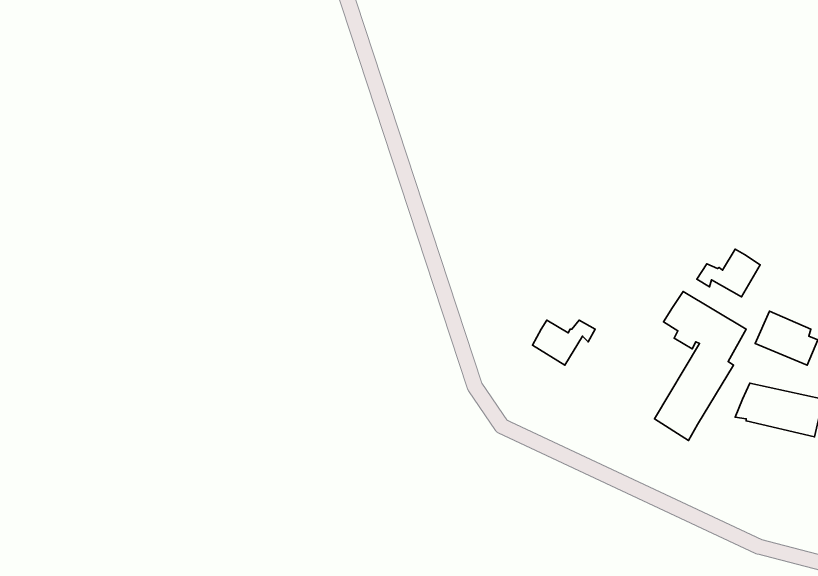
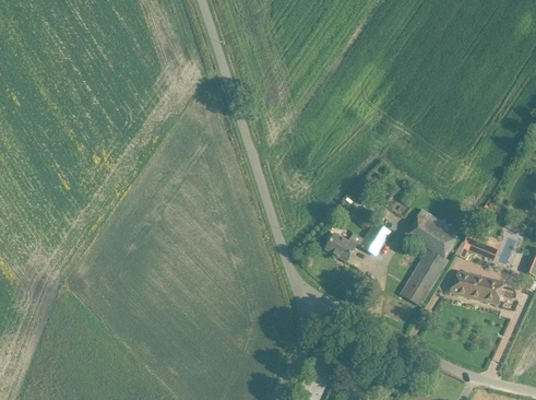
building: [697,249,760,297] -> none
building: none -> [359,221,389,255]

